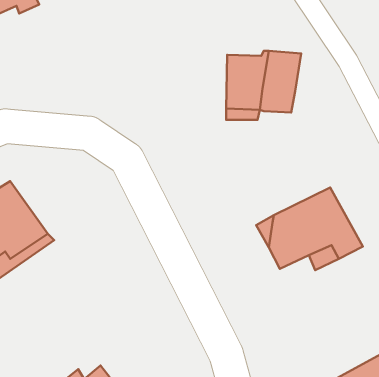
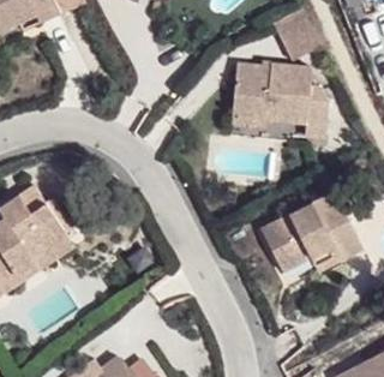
building: none -> [298,61,329,133]

